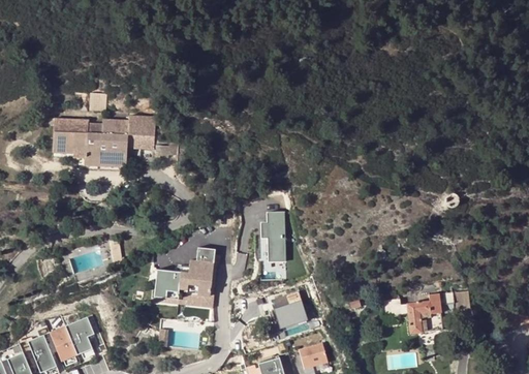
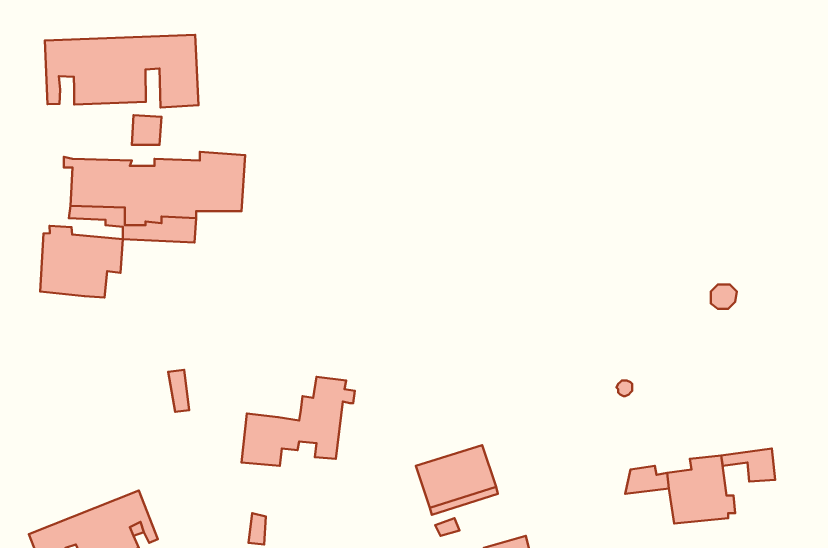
building: none -> [45,35,198,107]
building: none -> [40,226,123,298]
building: [259,216,283,263] -> none
building: [153,262,218,309] -> none

